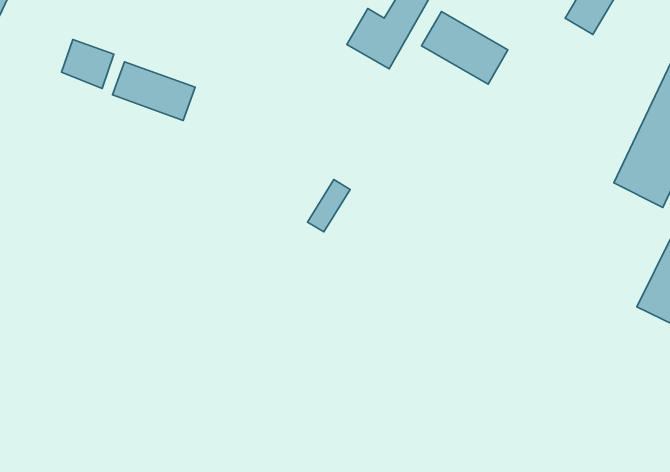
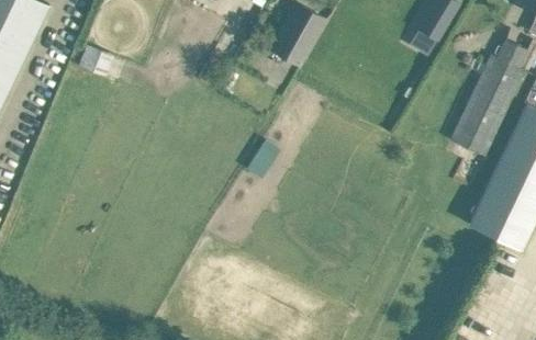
building: [422,11,508,84] -> none
building: [113,62,195,120] -> none

